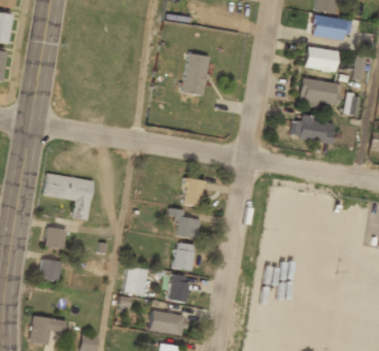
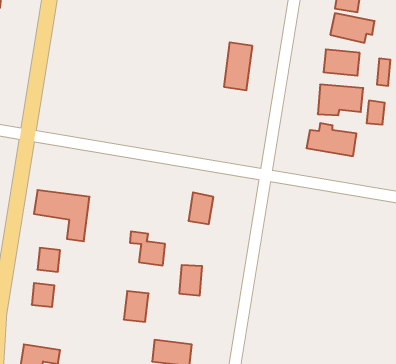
building: [182,55,208,98] -> [224,42,252,90]
building: [168,208,200,239] -> [130,231,165,265]
building: [169,274,188,302] -> none

